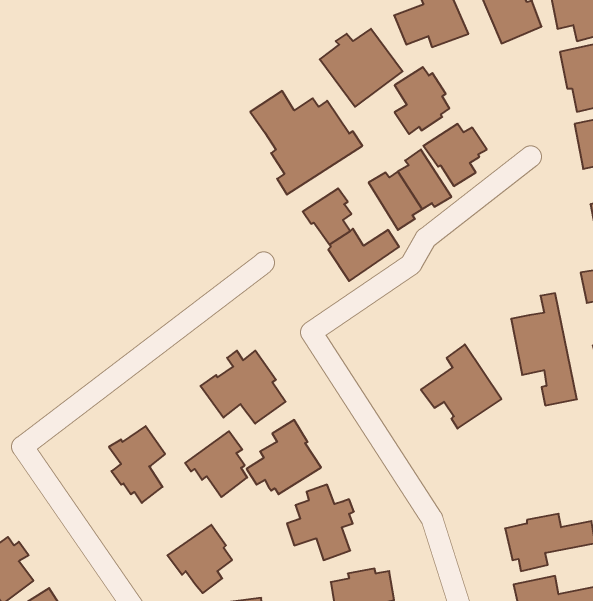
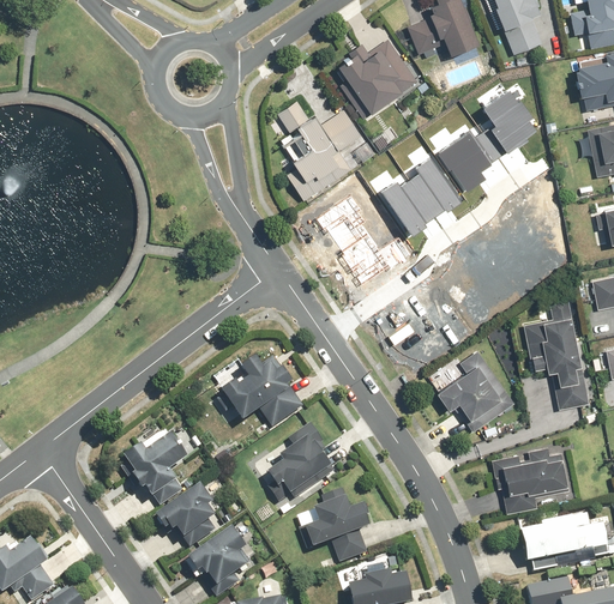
building: [395,67,449,134] -> [486,91,540,157]
building: [185,431,247,497] -> [154,482,215,546]
building: none -> [492,447,568,514]

